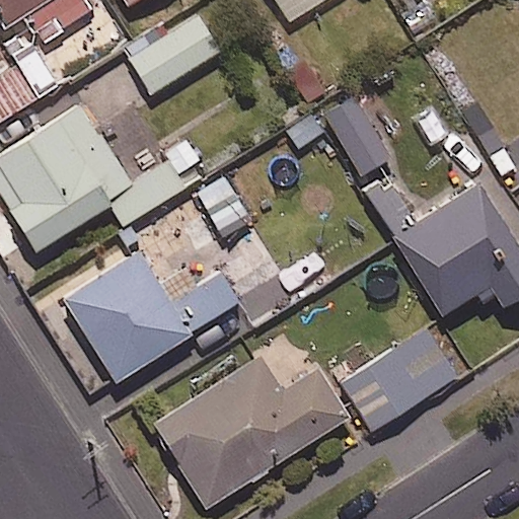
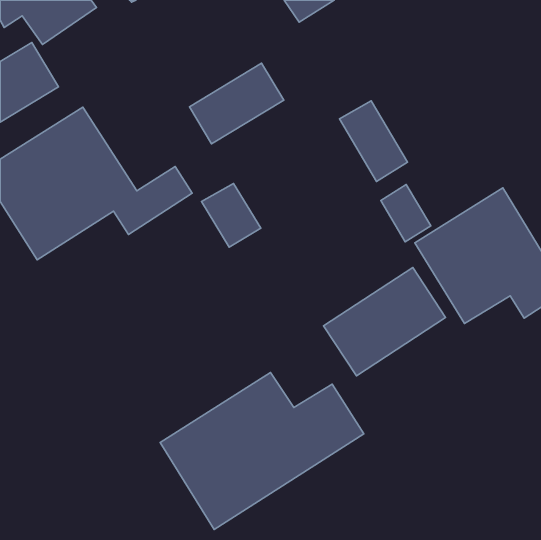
building: [129,16,219,93] -> [189,63,284,144]
building: [50,249,239,387] -> none
building: [341,327,457,431] -> [324,268,446,376]

